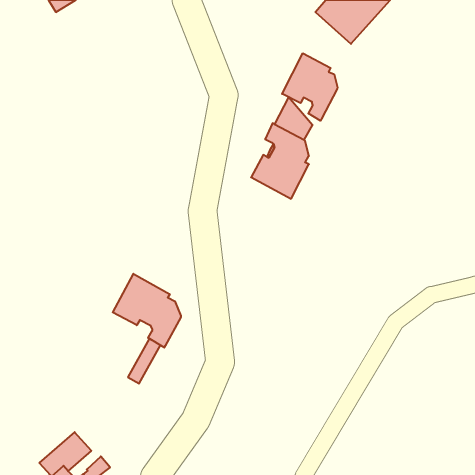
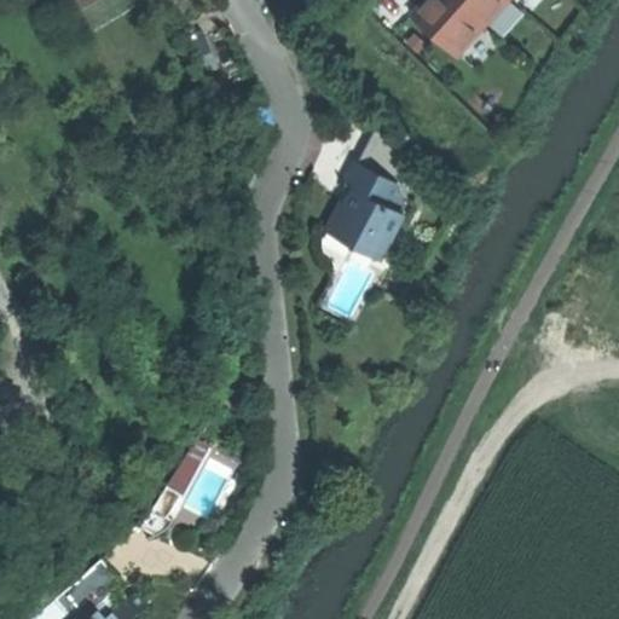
building: [282,53,338,121] -> none
building: [113,274,181,348] -> none

